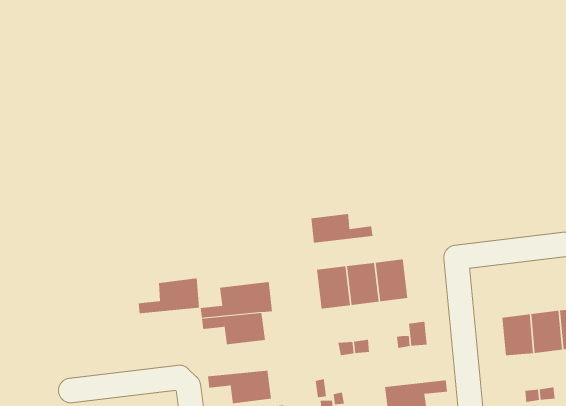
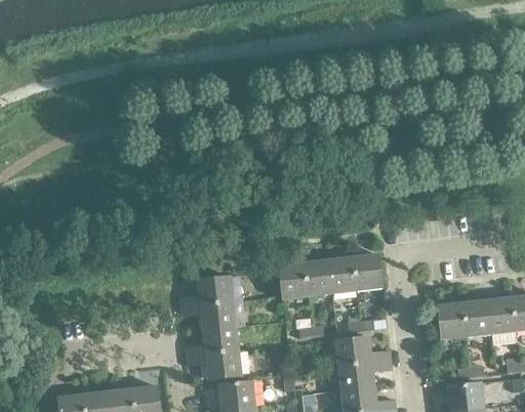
building: [311,213,373,244] -> none
building: none -> [354,254,382,290]
building: [138,278,200,314] -> [185,326,238,357]
building: none -> [334,337,391,366]

